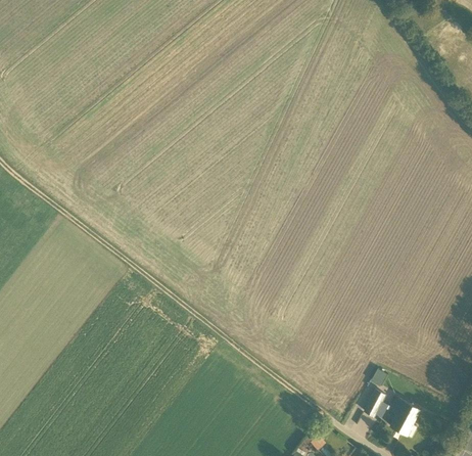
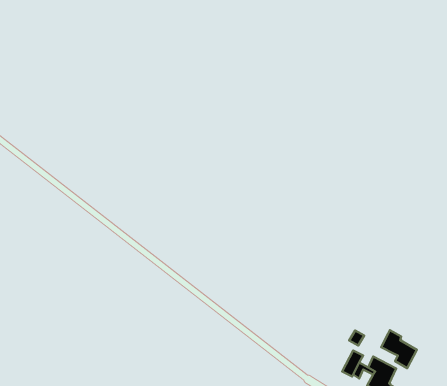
building: none -> [381,330,417,368]

